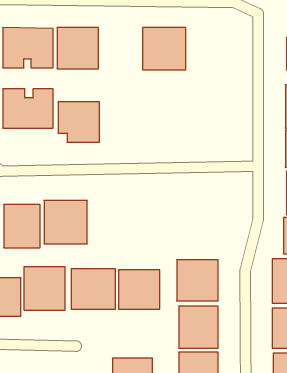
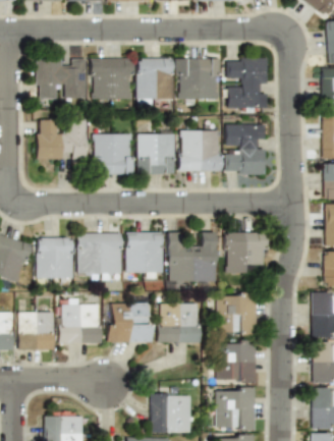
building: none -> [138,58,175,106]
building: none -> [229,58,269,109]
building: none -> [226,124,266,174]
building: none -> [179,130,221,172]
building: none -> [138,132,175,174]
building: none -> [125,232,162,278]
building: none -> [166,232,215,284]
building: none -> [223,232,265,274]

